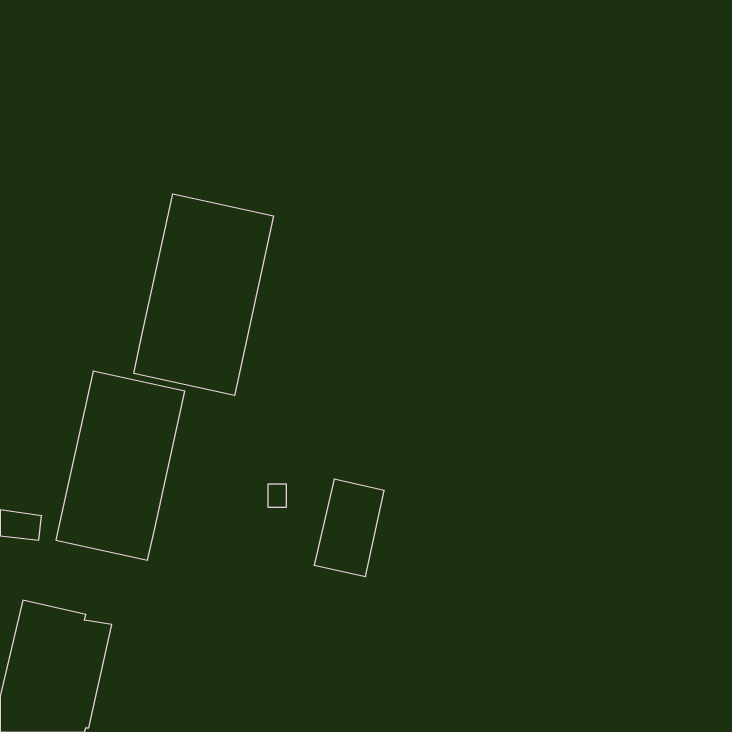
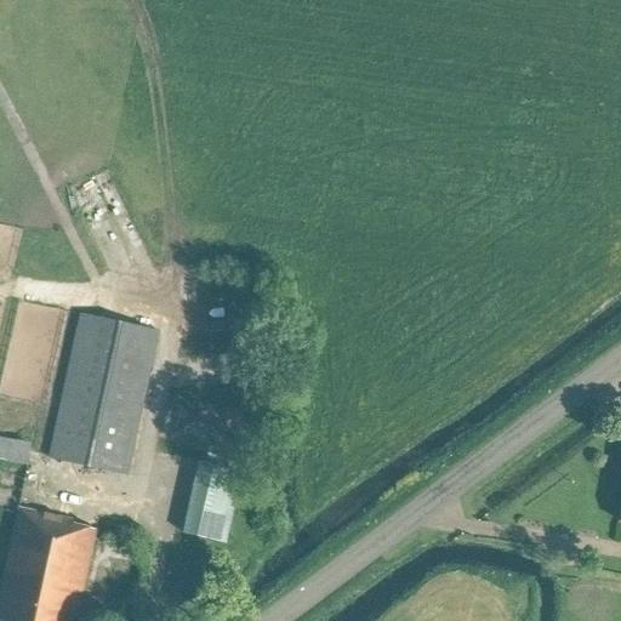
building: [134,194,274,396] -> none
building: [314,479,384,577] -> [189,457,249,540]

